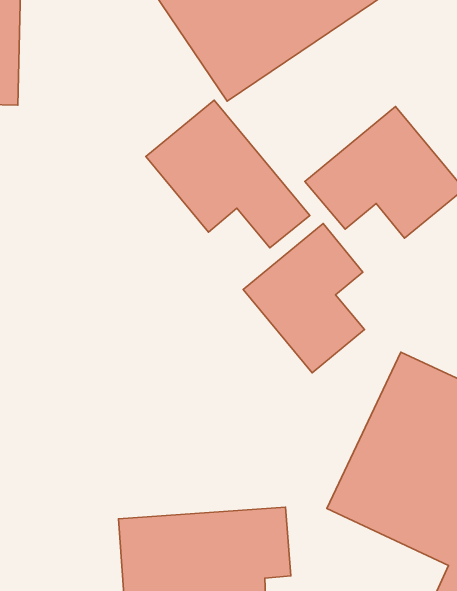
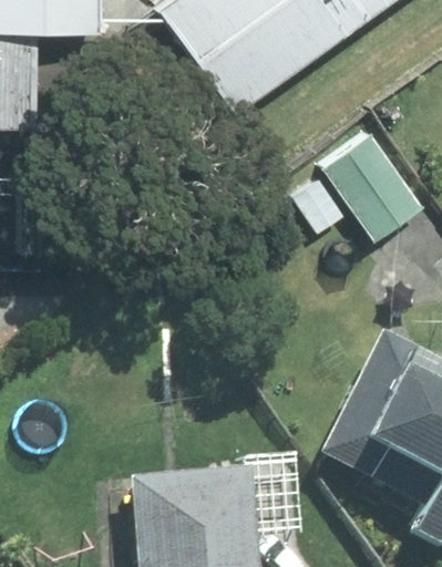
building: [146,100,310,248] -> none
building: [243,223,365,373] -> none

